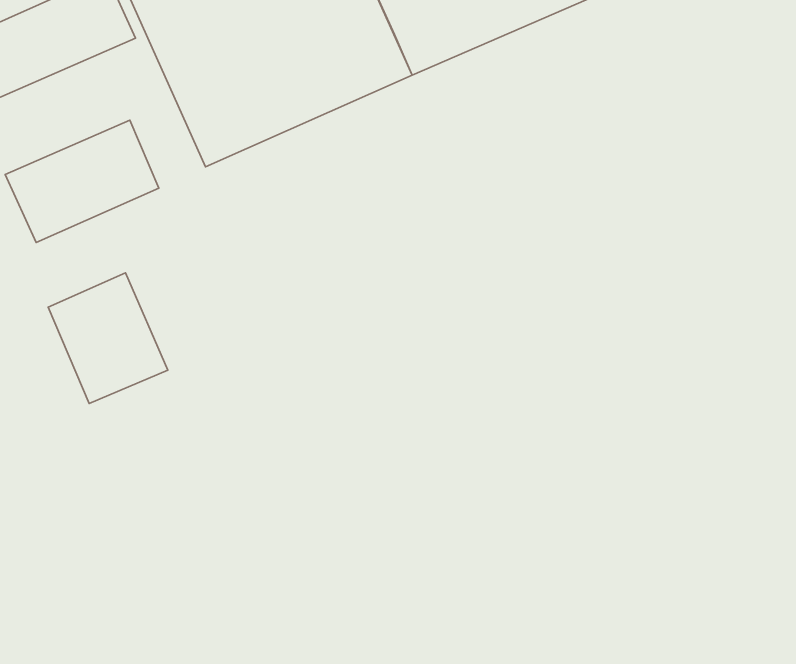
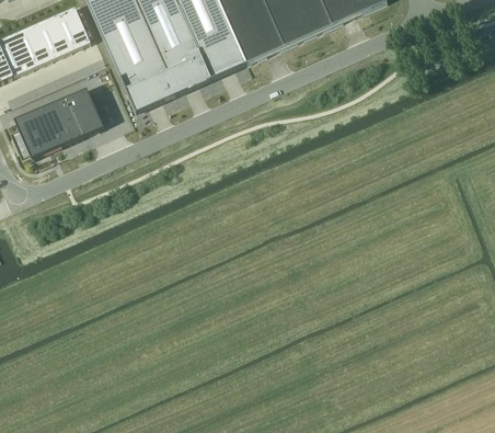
building: [48,273,168,403] -> none

